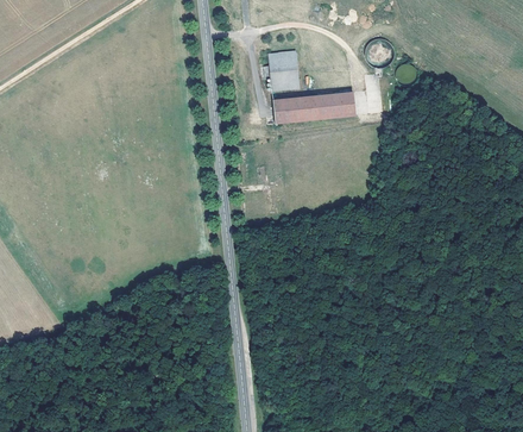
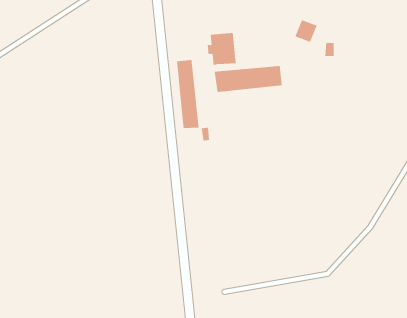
building: none -> [177,59,199,129]

